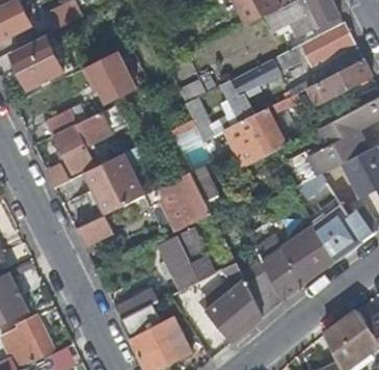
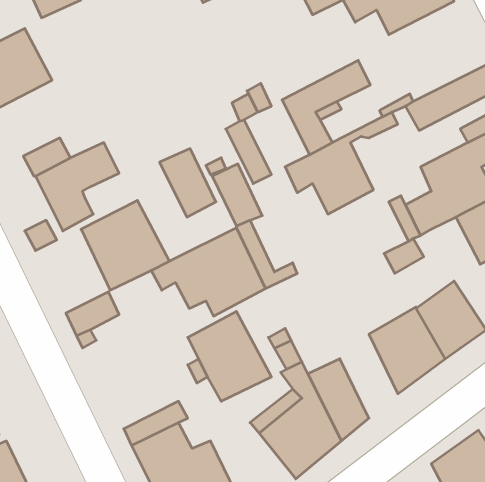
building: [276,22,355,70] -> none
building: [97,53,135,100] -> [160,149,216,217]
building: [260,244,301,301] -> none

